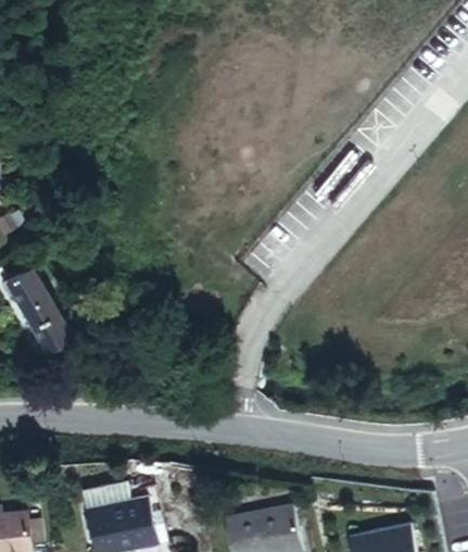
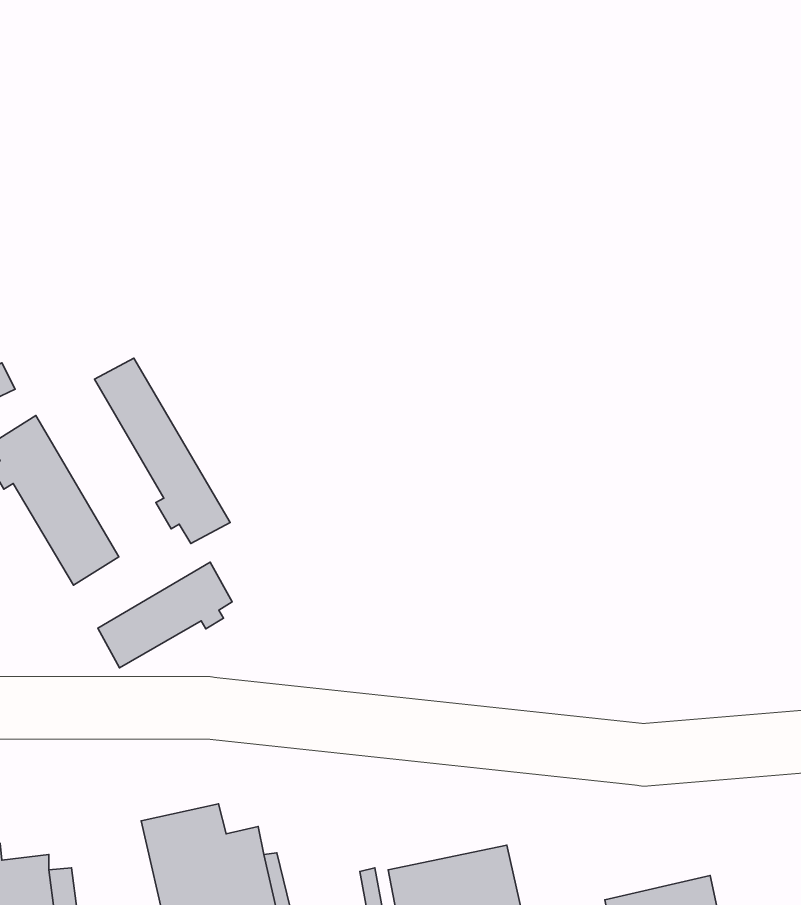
building: none -> [95,358,230,543]
building: none -> [98,562,232,668]

